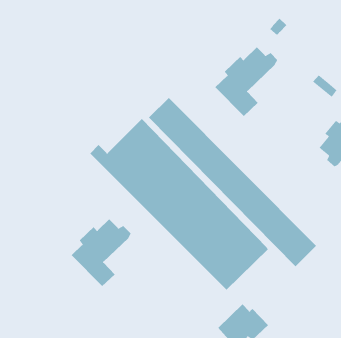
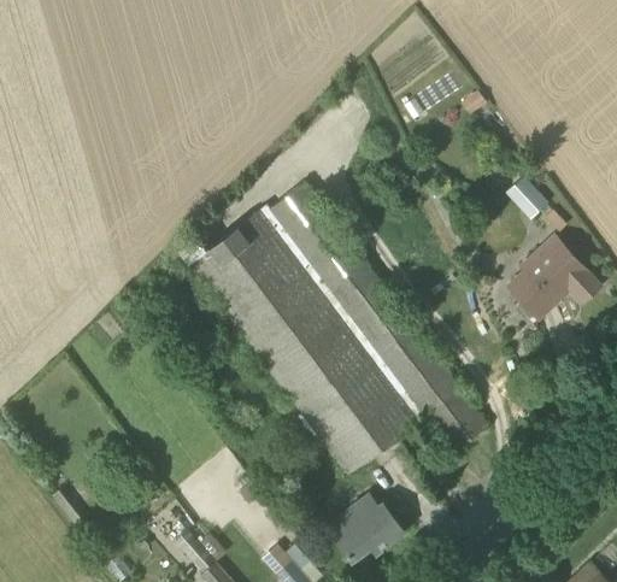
building: [215,47,278,117] -> none
building: [71,218,131,287] -> none

